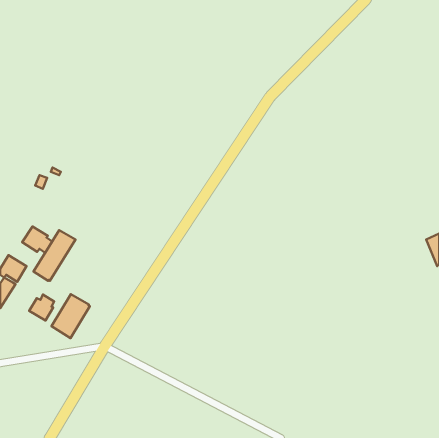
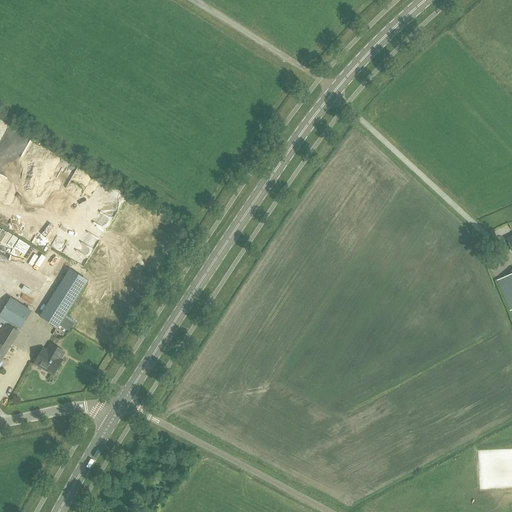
building: [22,226,52,253] -> none
building: [52,294,90,338] -> none

